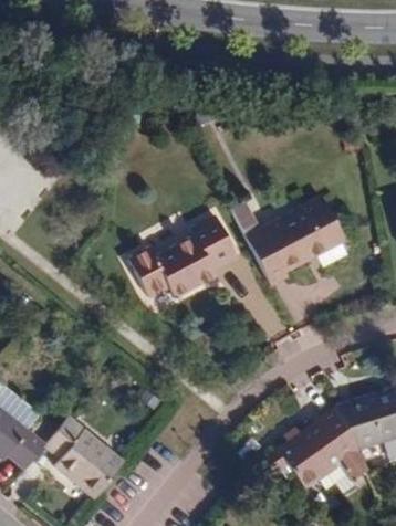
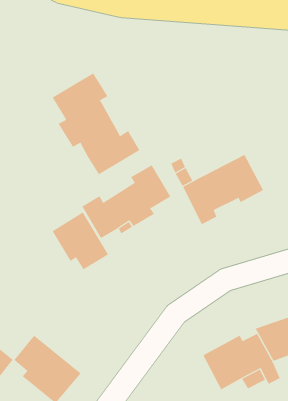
building: none -> [52,72,140,175]
building: none -> [52,211,109,270]

